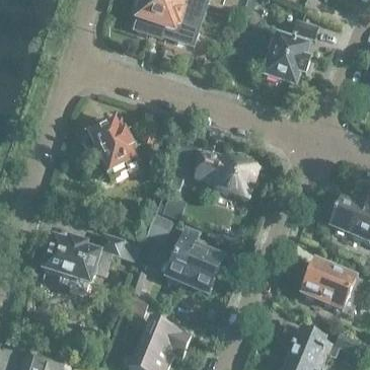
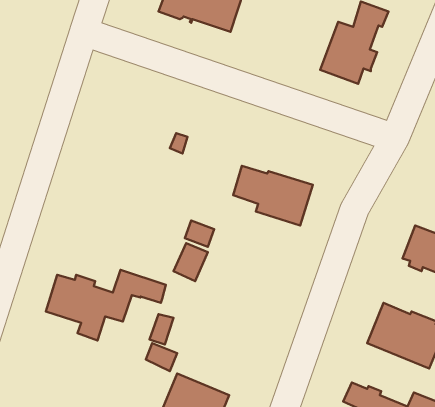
building: [82,114,137,176] -> none
building: [165,228,223,292] -> none

